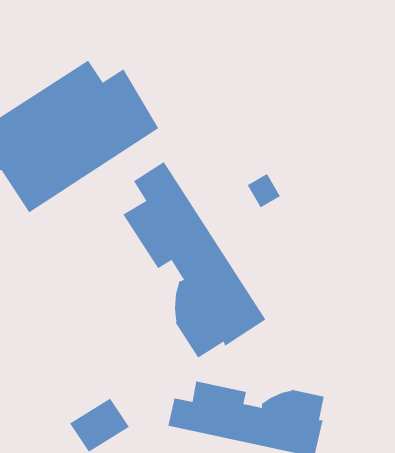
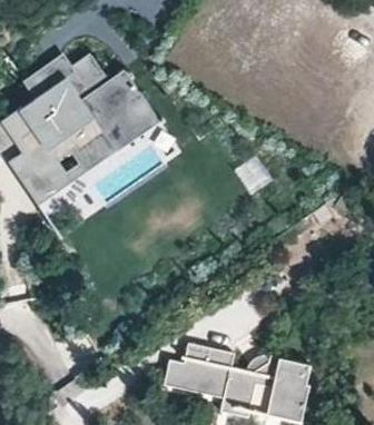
building: [123,161,266,359] -> none

